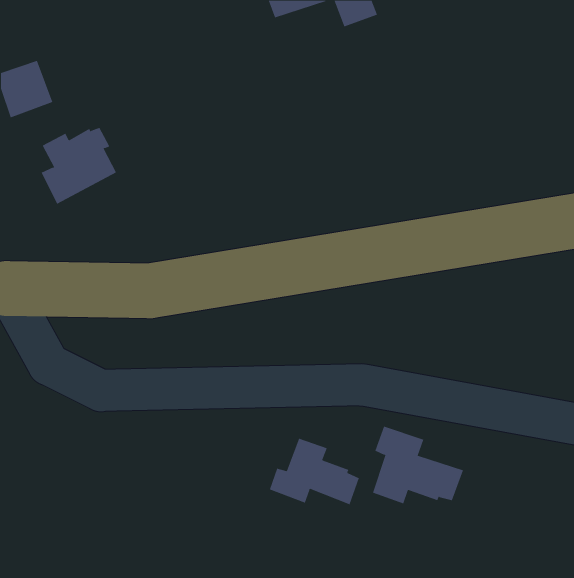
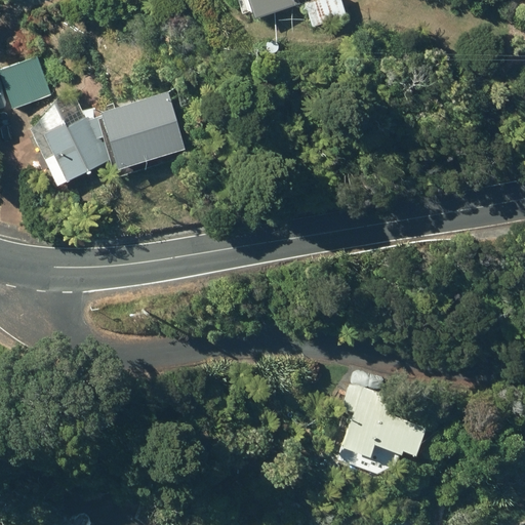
building: none -> [98,91,186,170]
building: [269,438,359,505] -> none

